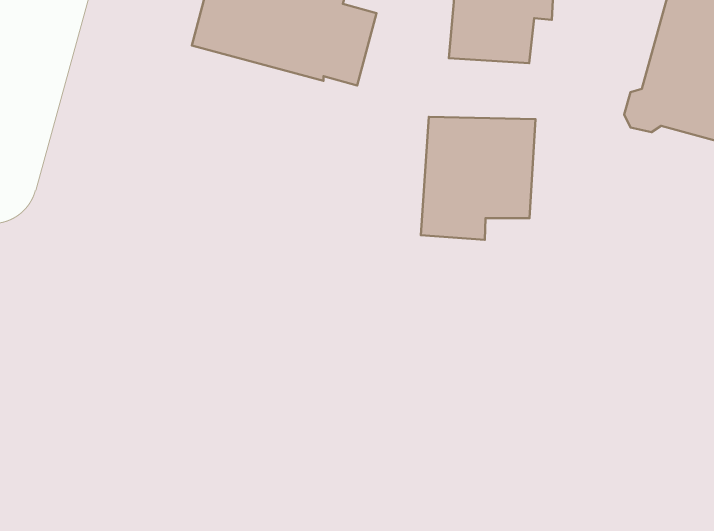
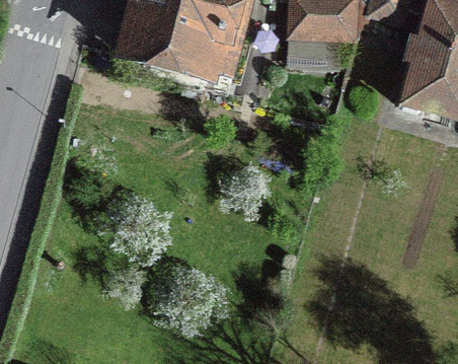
building: [421,117,536,240] -> none

